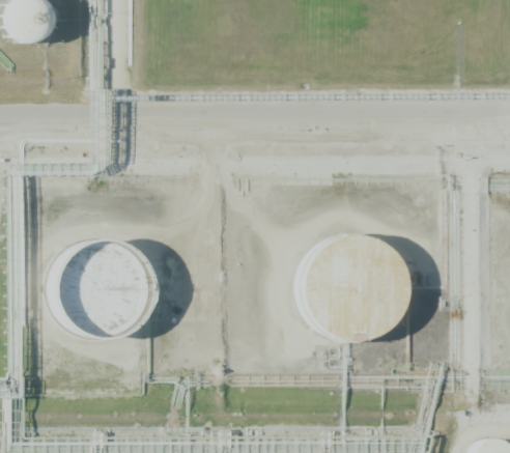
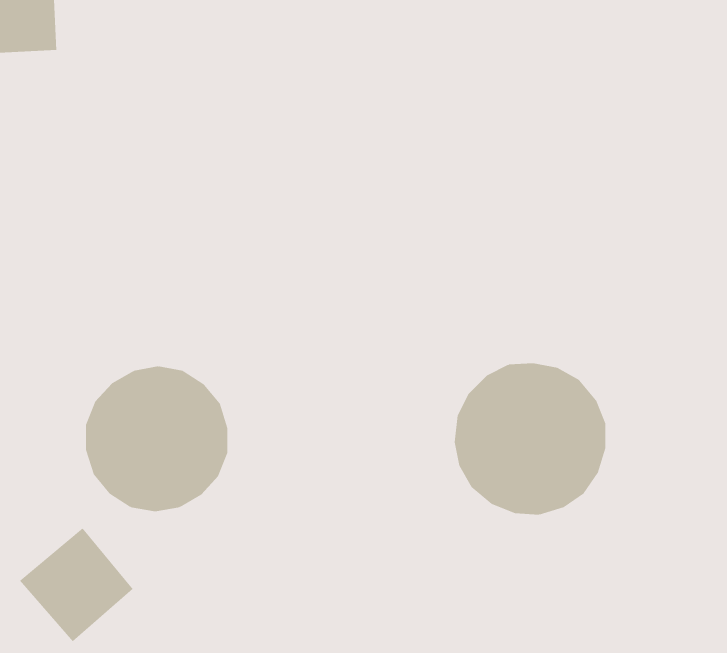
building: none -> [19,528,134,642]

